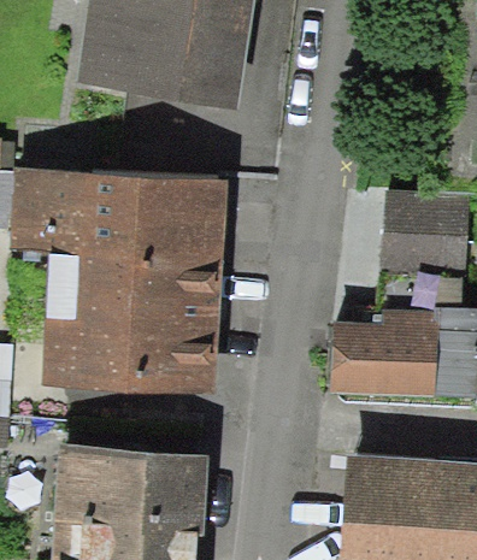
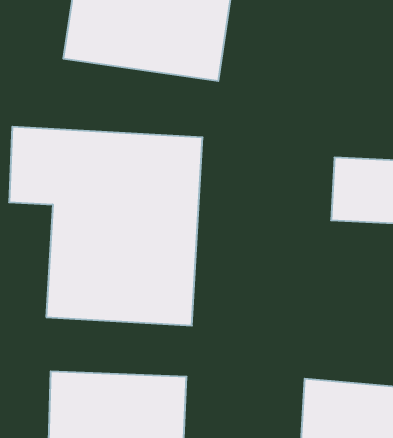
building: [329,322,428,401] -> none

